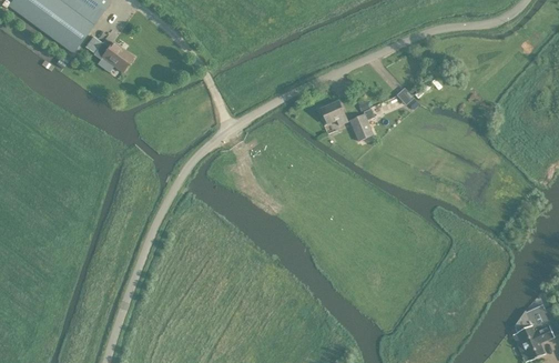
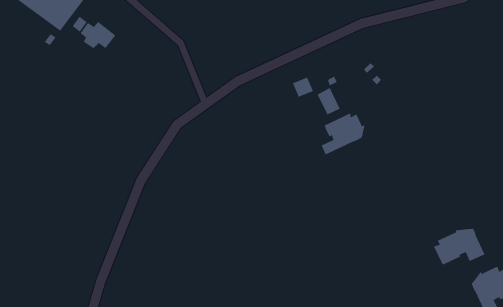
building: none -> [321,112,365,156]
building: none -> [433,228,486,265]

